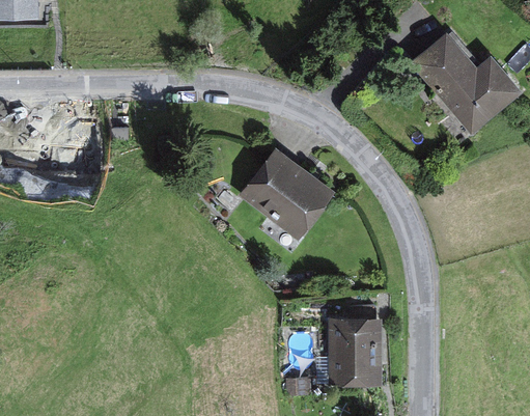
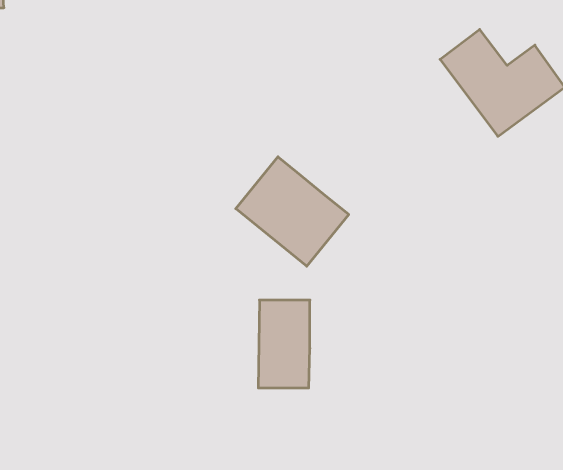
building: [333,315,378,391] -> [258,300,310,388]

